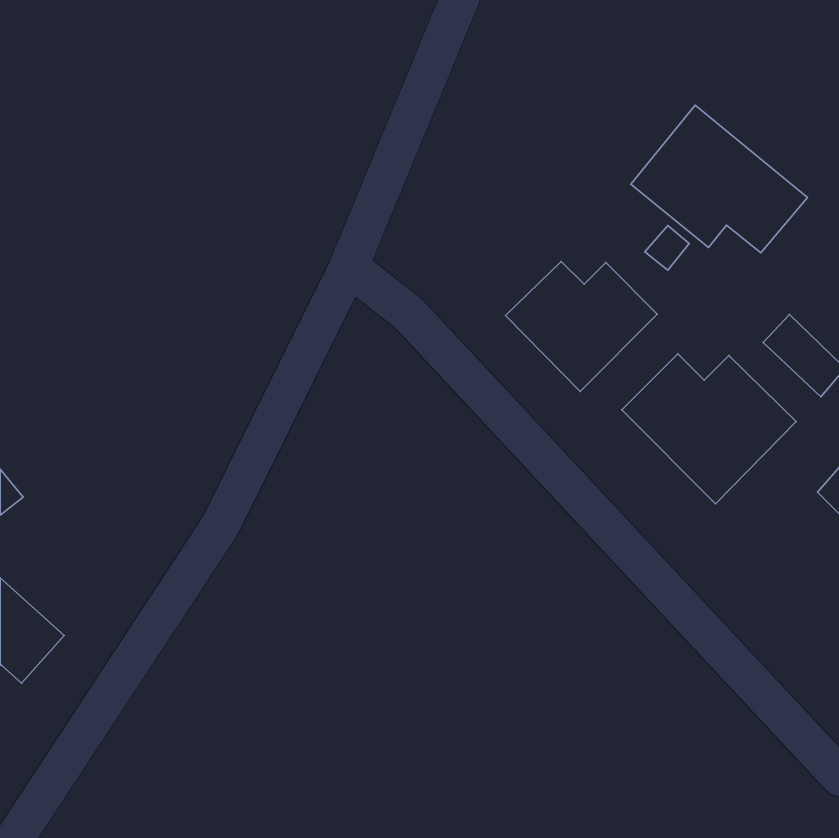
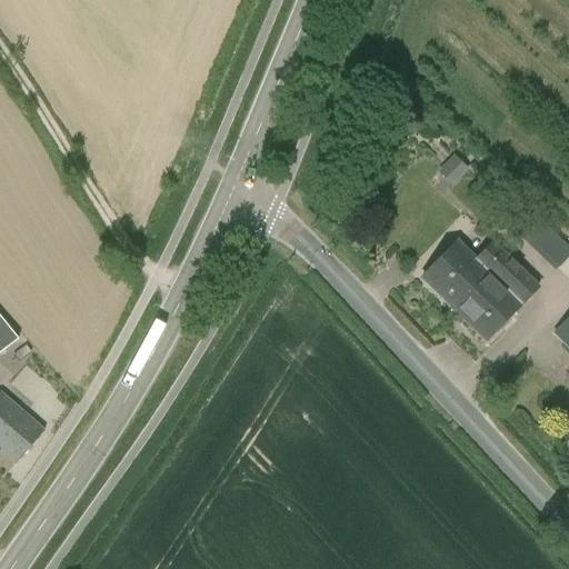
building: [631,105,808,253] -> none
building: [506,261,657,391] -> none

